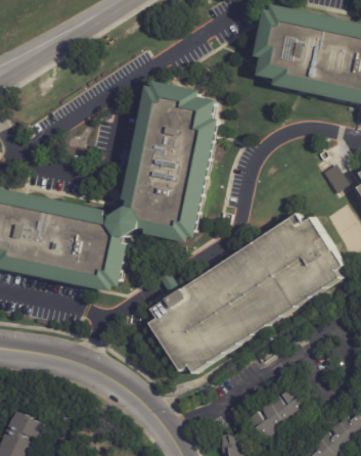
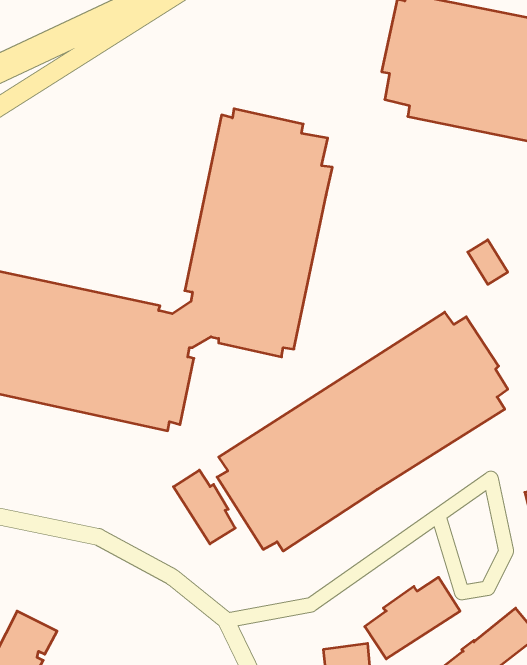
building: none -> [173,470,235,544]

